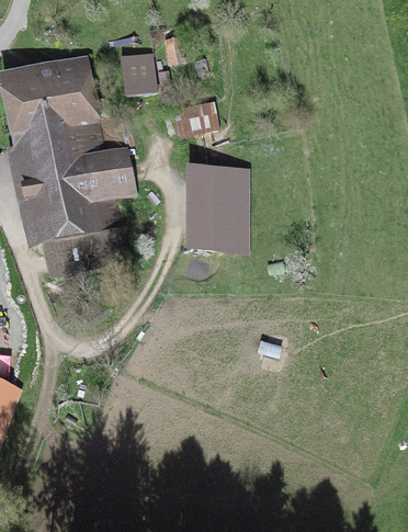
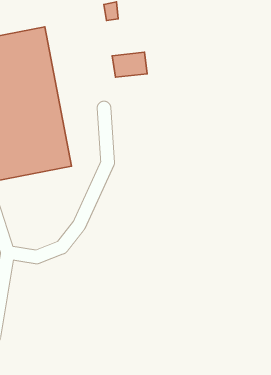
building: [121,47,155,87] -> none
building: [195,166,242,242] -> none

